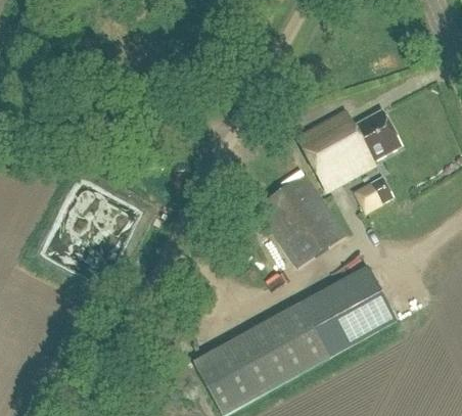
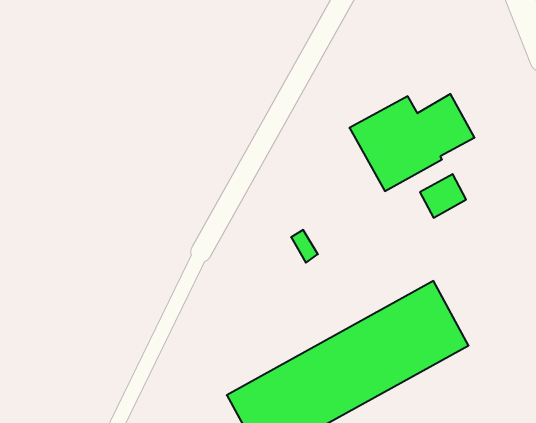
building: [257,173,346,267] -> none

